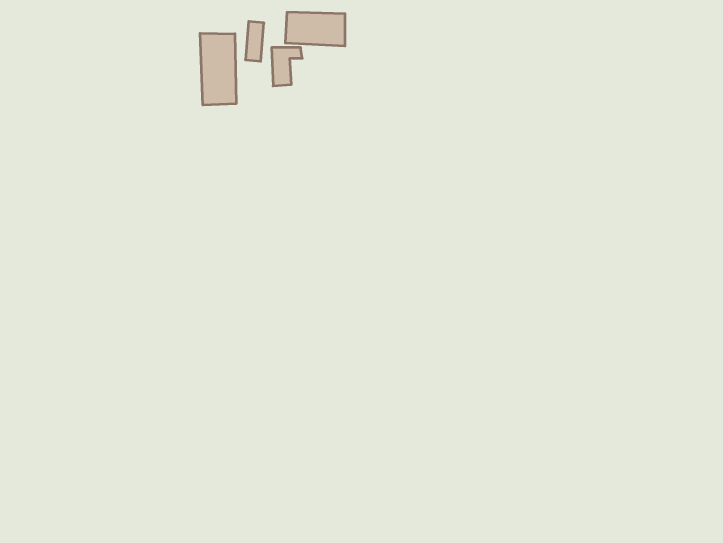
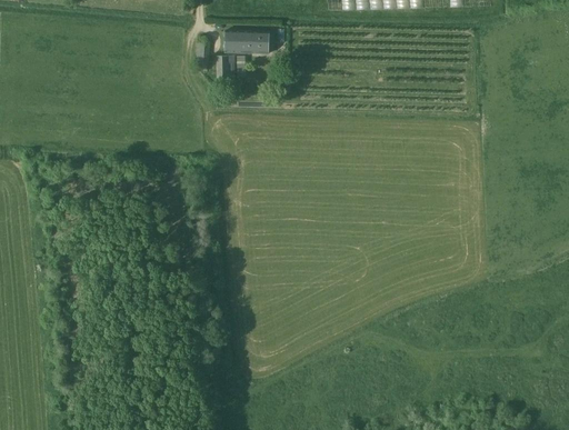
building: [200,33,236,105] -> none

